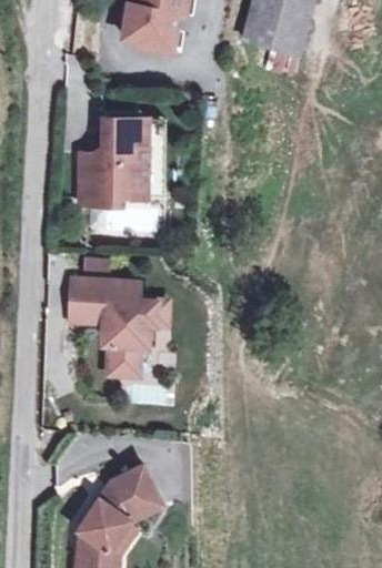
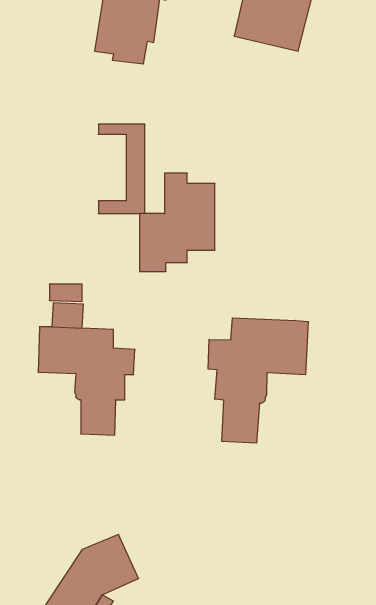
building: [80,114,147,201] -> [140,173,215,271]
building: none -> [208,318,308,443]

